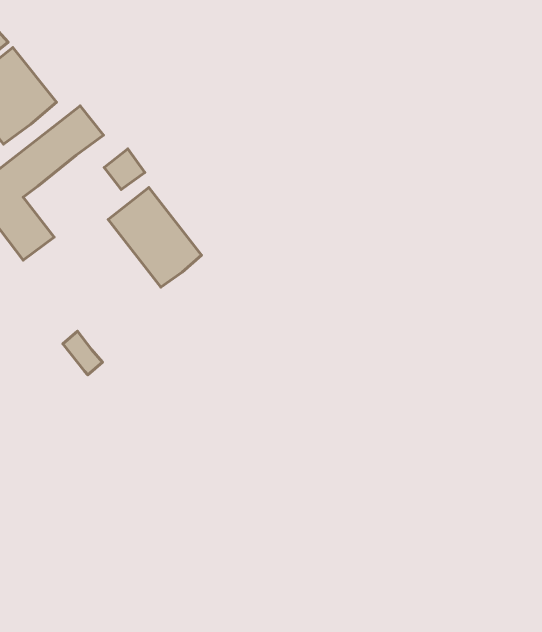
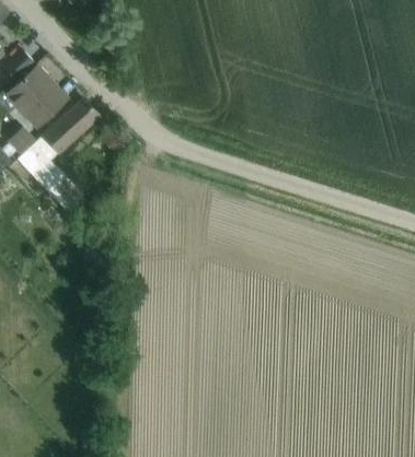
building: [108,187,202,287] -> none

